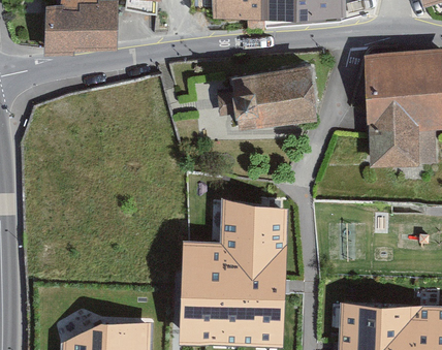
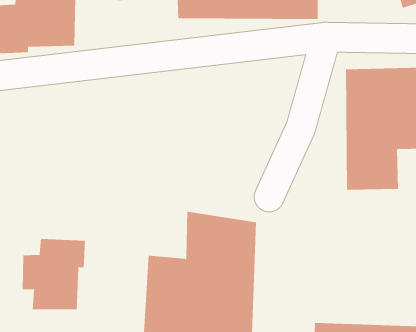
building: [216,62,317,125] -> none
building: none -> [22,238,86,310]

